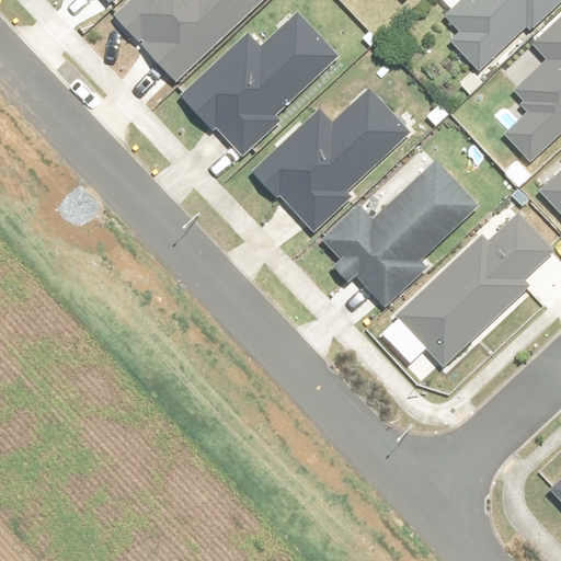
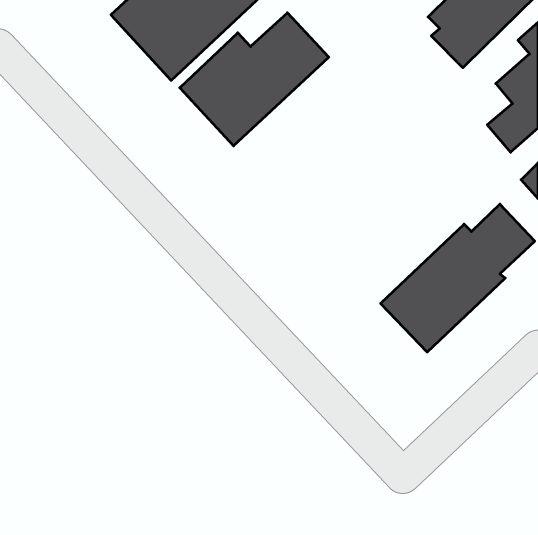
building: [259,88,413,227] -> none
building: [319,163,477,306] -> none

